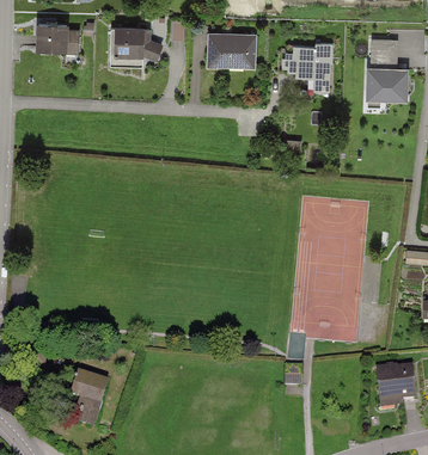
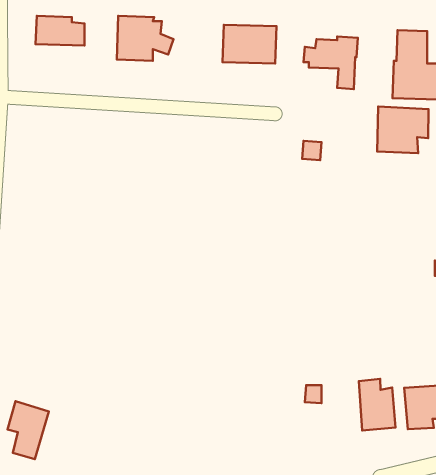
building: none -> [377,107,428,153]
building: none -> [359,379,395,431]
building: [69,374,108,428] -> [8,401,49,459]

